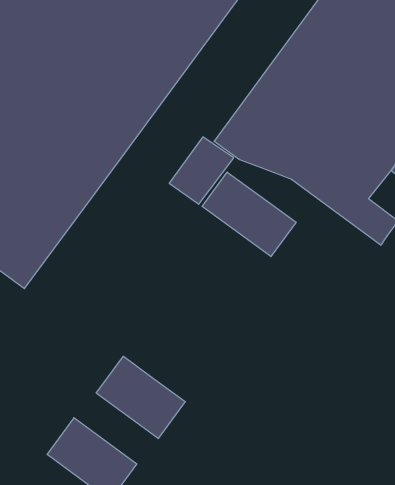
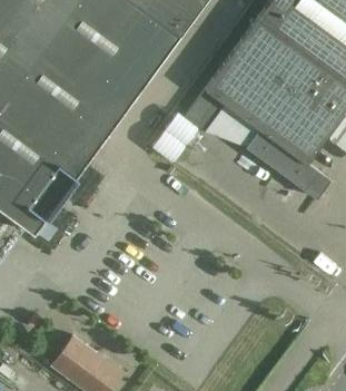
building: [202,172,296,257] -> none
building: [96,356,185,439] -> none

